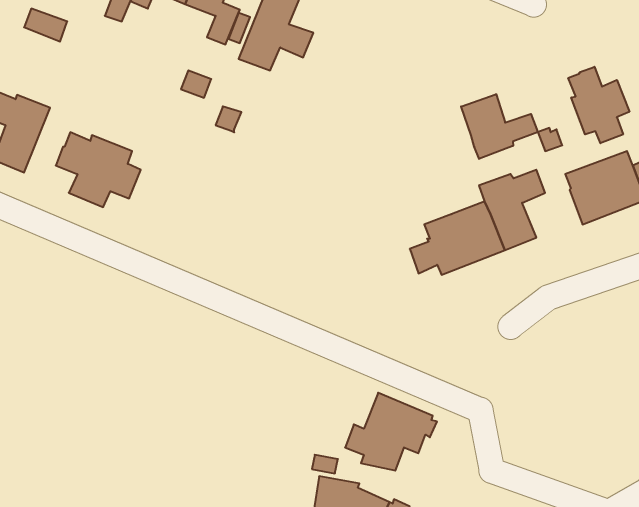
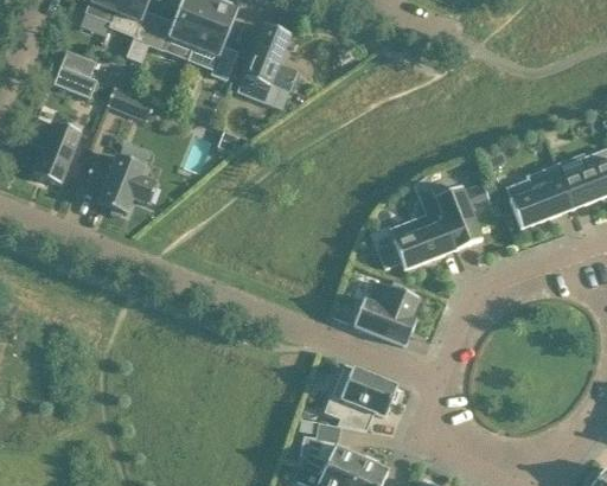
building: none -> [53,66,97,98]
building: none -> [108,88,154,122]
building: [568,67,629,143] -> none
building: [461,94,538,159] -> none
building: none -> [353,280,418,346]

